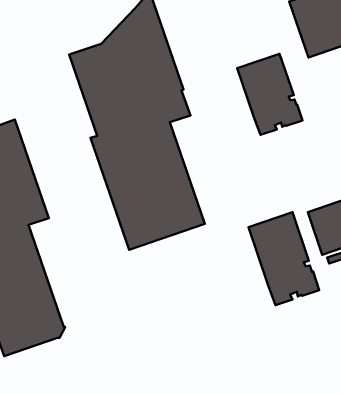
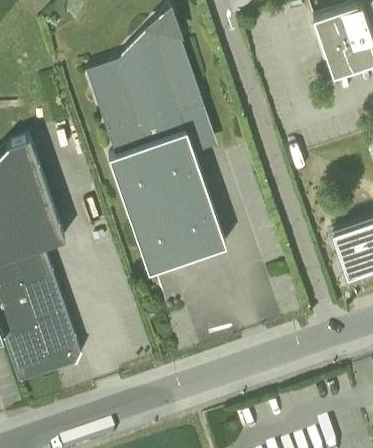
building: [237,54,303,135] -> none
building: [249,212,319,305] -> none

